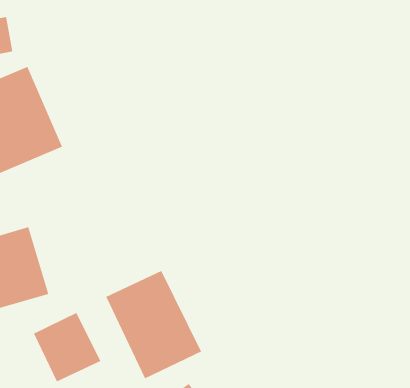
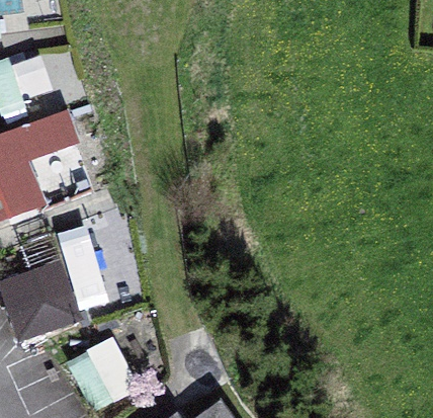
building: [105,270,202,379] -> none

